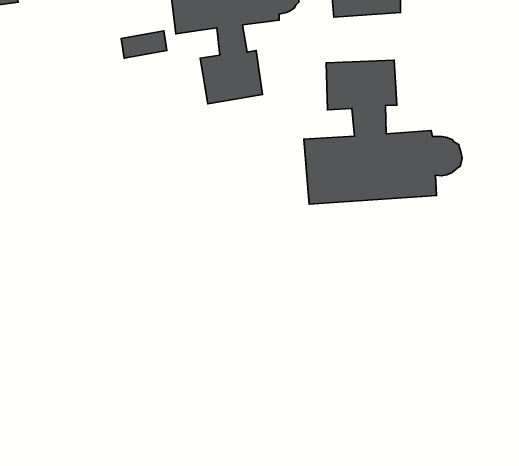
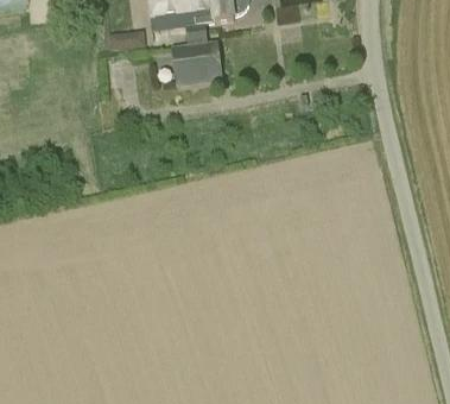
building: [304,60,462,204] -> none

